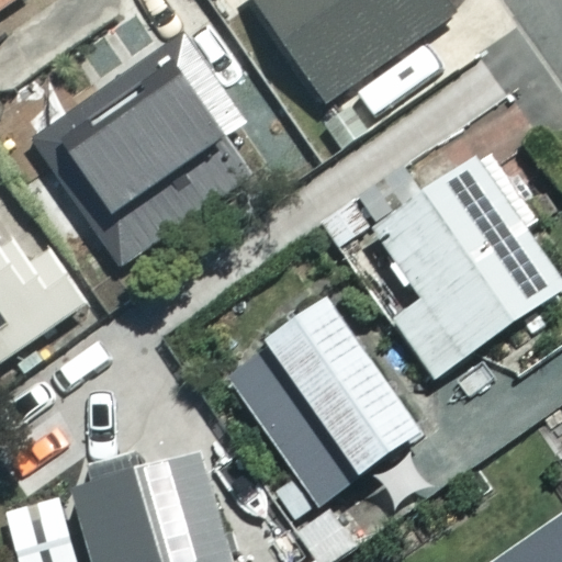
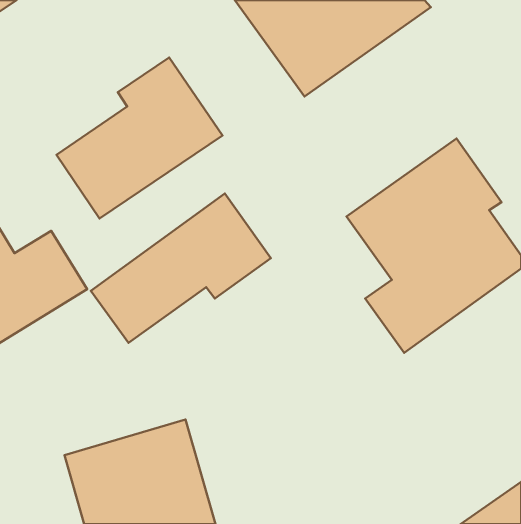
building: none -> [91,194,271,343]
building: [222,301,418,505] -> none

